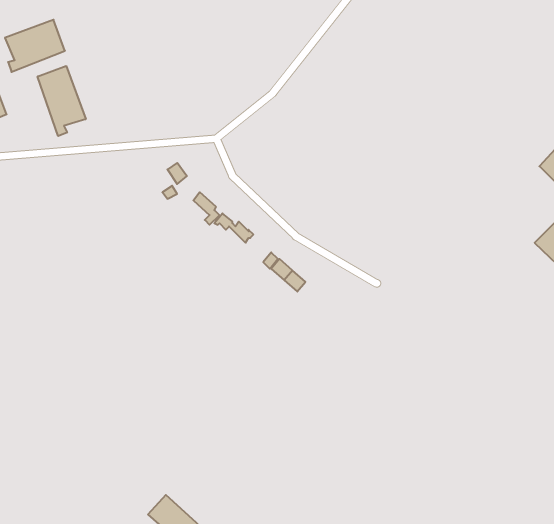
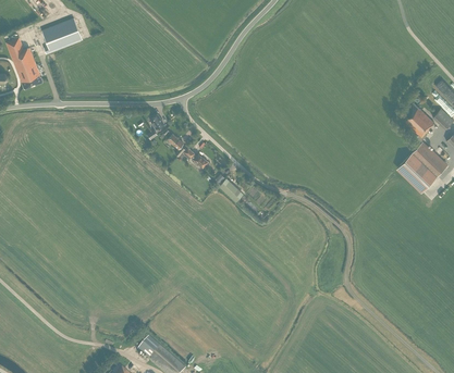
building: [38,66,86,136] -> none

